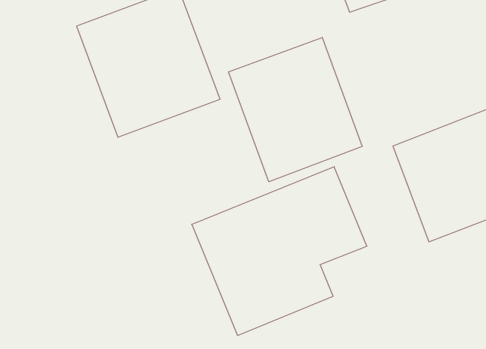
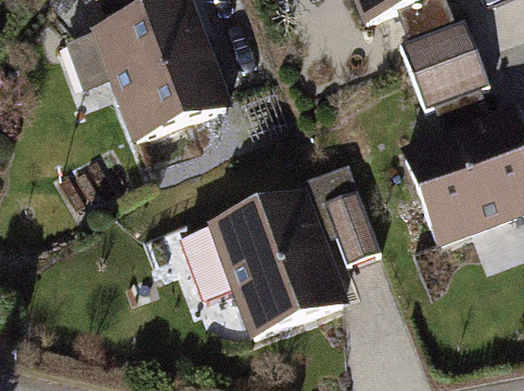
building: none -> [397,22,487,114]
building: [228,37,362,182] -> none

